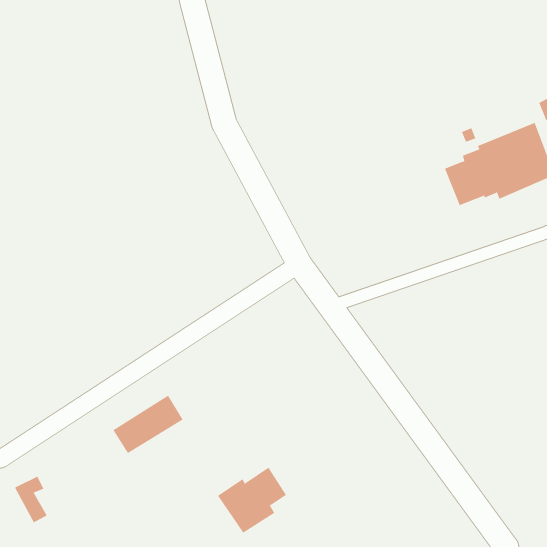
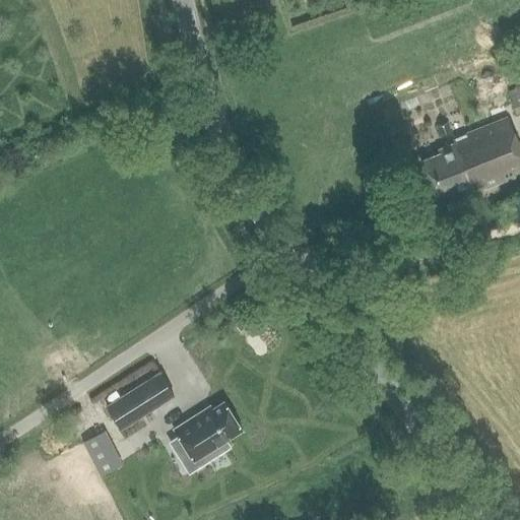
building: [217,467,287,533] -> [176,402,242,465]
building: [14,476,47,523] -> [83,430,115,474]

